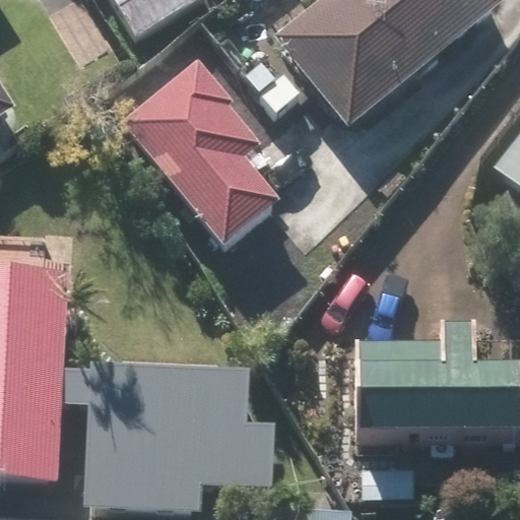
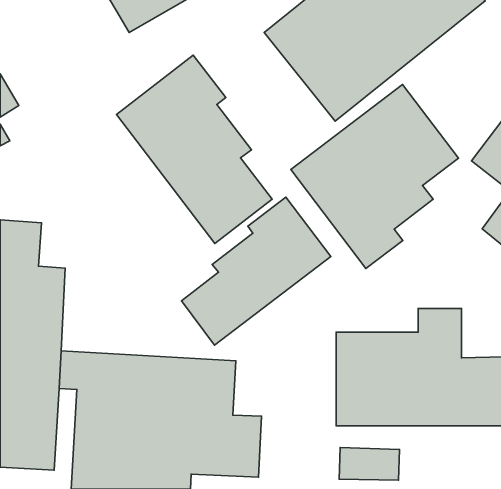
building: none -> [291,84,458,268]
building: none -> [181,197,331,345]

